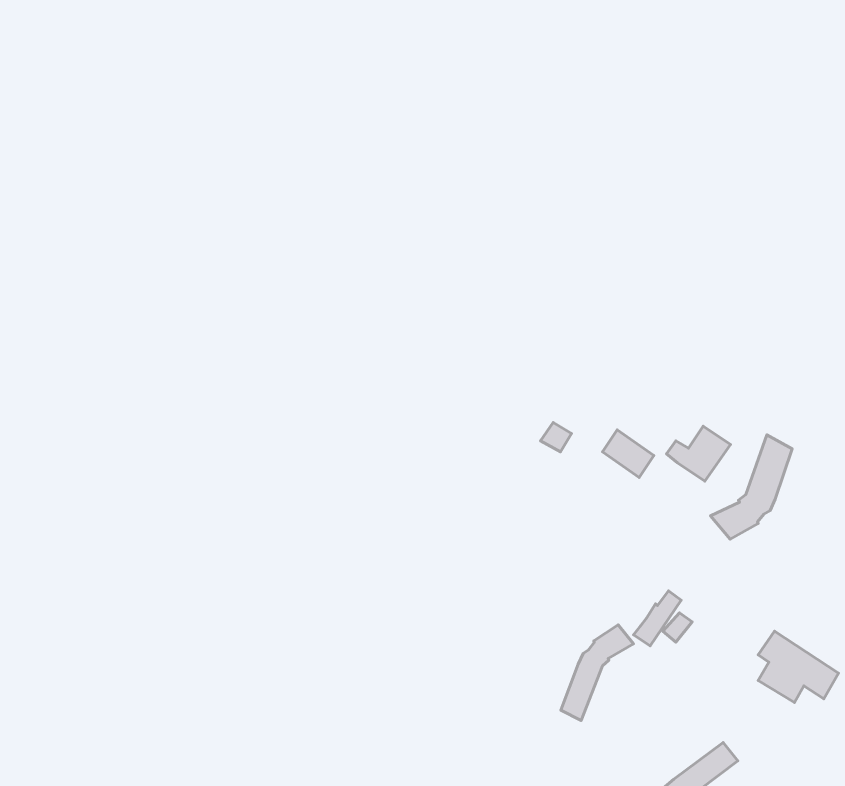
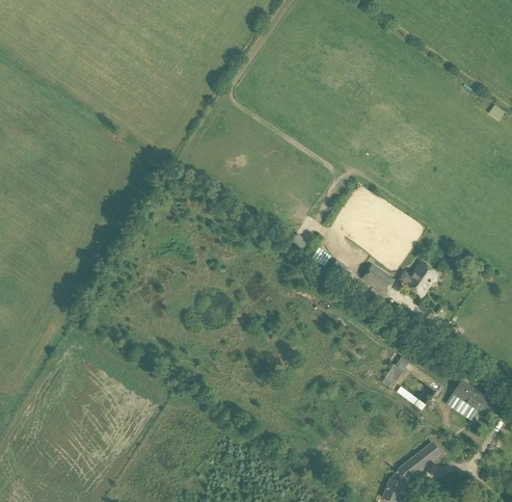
building: [710,435,792,539] -> none
building: [561,625,633,721] -> none

